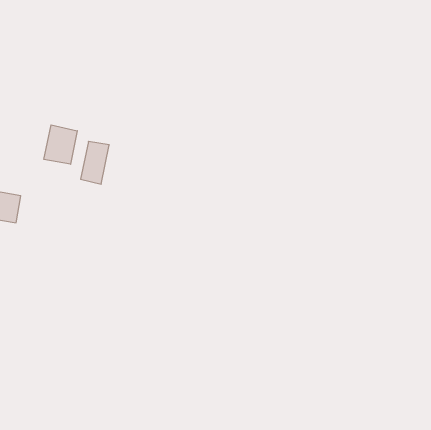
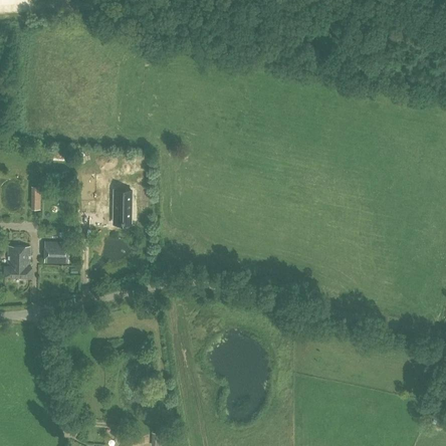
building: [44,125,77,164] -> none

